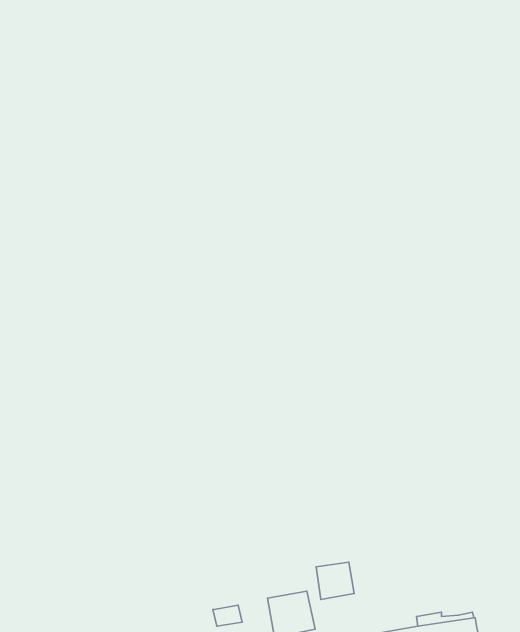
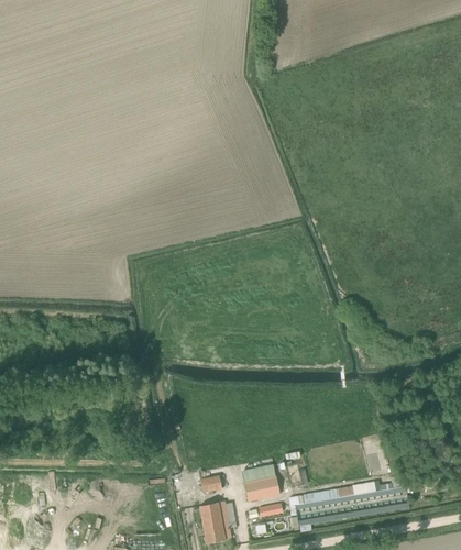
building: [316,562,354,600] -> none

